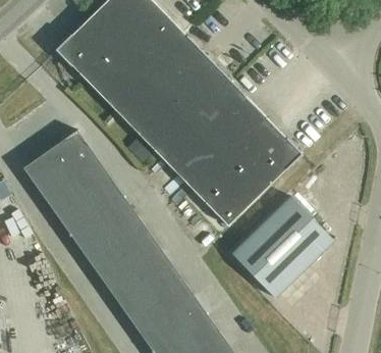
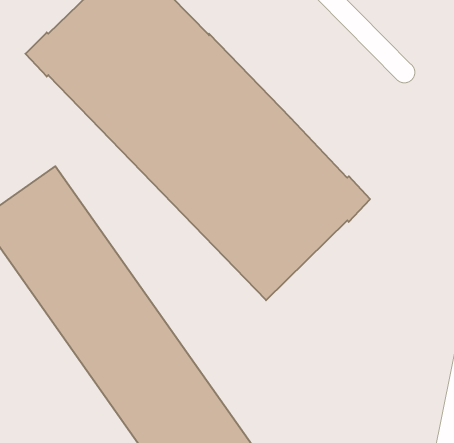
building: [232,195,334,297] -> none

